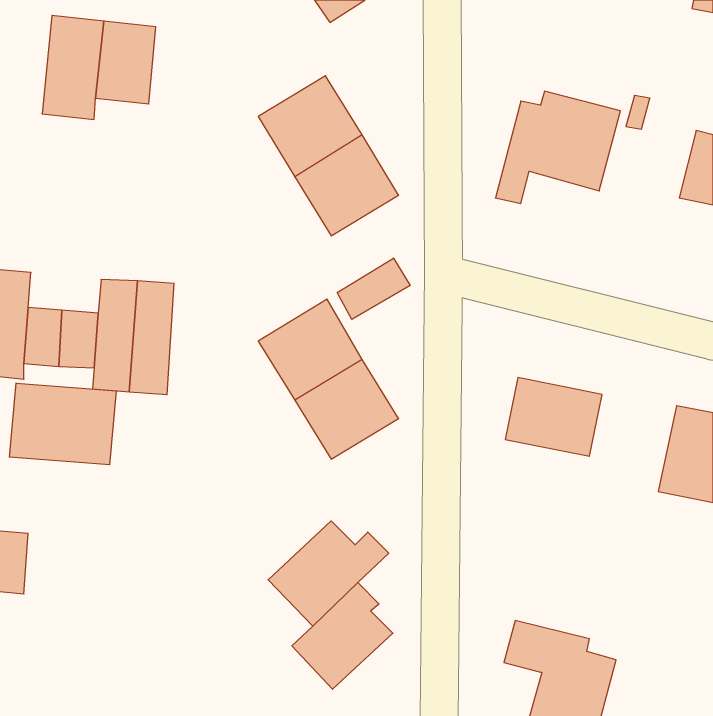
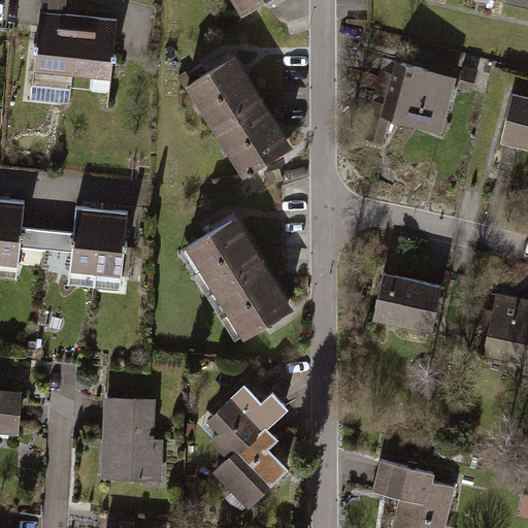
building: [337,258,410,319] -> none
building: [9,383,116,465] -> none
building: none -> [99,394,161,480]

